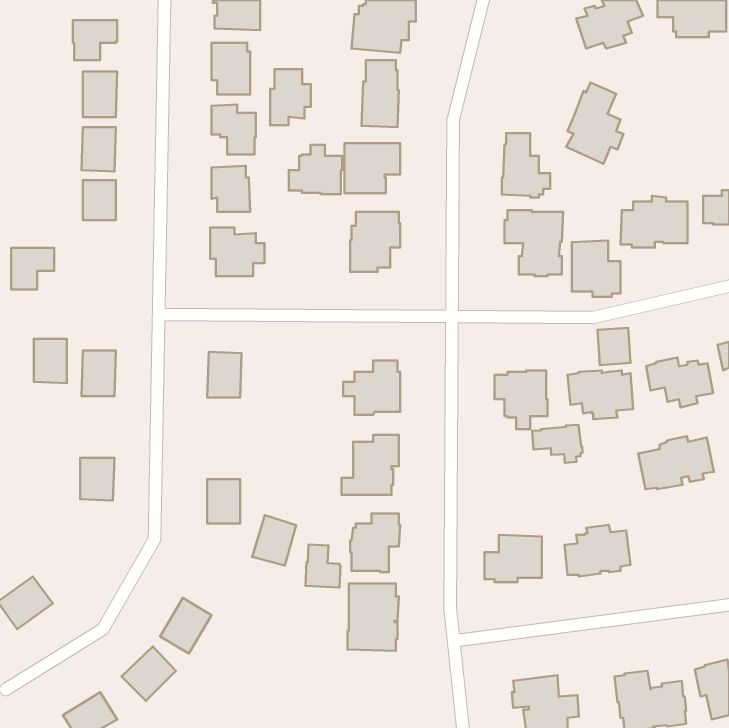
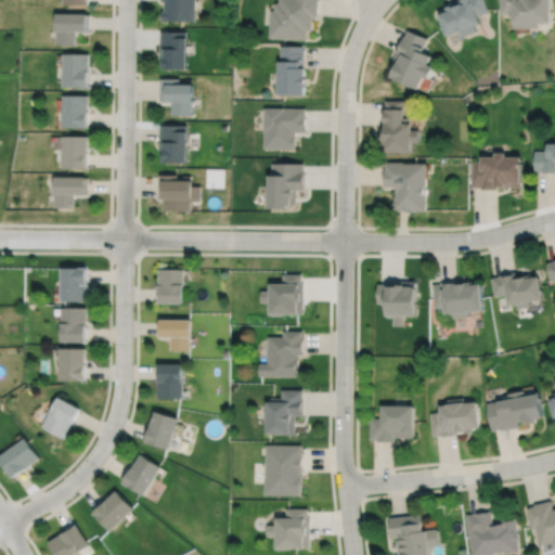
building: [270,69,311,125] -> none
building: [566,82,623,164] -> [388,31,431,93]
building: [289,145,342,194] -> none
building: [572,241,620,297] -> none
building: [11,248,54,289] -> [55,177,88,208]
building: [598,328,630,365] -> none
building: [34,339,67,383] -> [62,309,87,343]
building: none -> [157,320,191,351]
building: [532,425,583,463] -> none
building: [638,436,714,489] -> [485,392,542,433]
building: [252,515,296,565] -> [144,412,178,450]
building: none -> [42,398,80,440]
building: [305,545,341,587] -> none
building: none -> [266,508,309,550]

